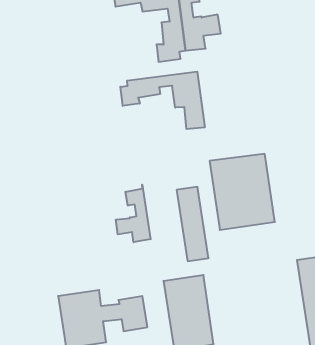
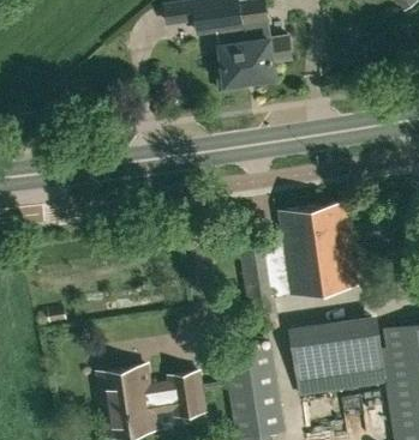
building: [120,72,205,129] -> none
building: [116,185,151,242] -> none
building: none -> [288,314,385,397]

